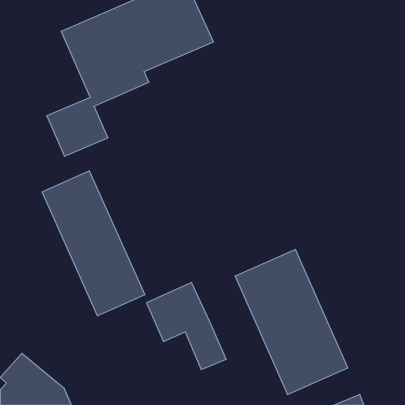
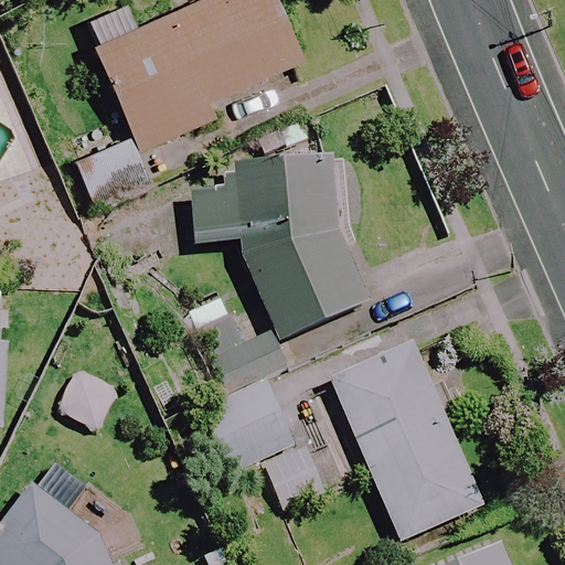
building: none -> [183,152,374,390]
building: [42,171,145,316] -> none

